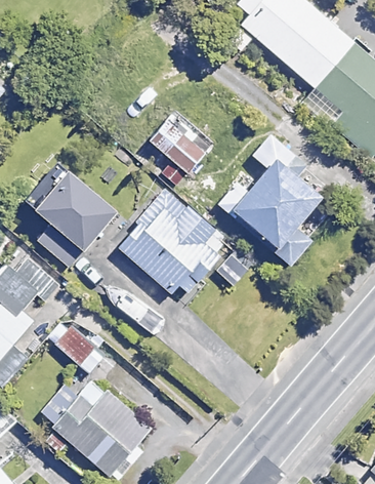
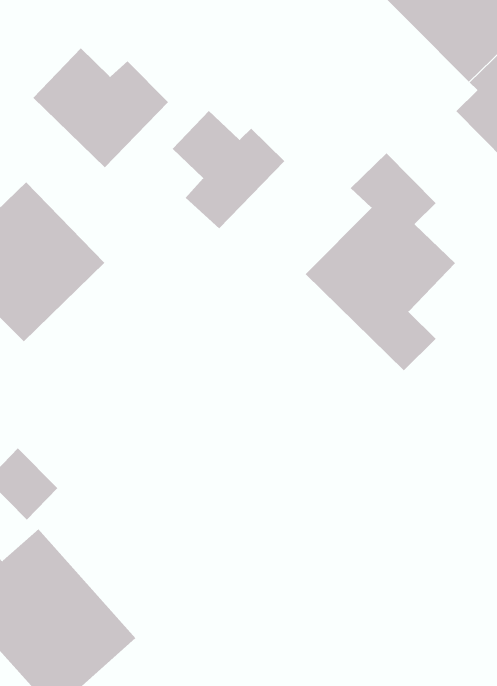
building: none -> [33,48,169,168]
building: [116,189,219,293] -> none

